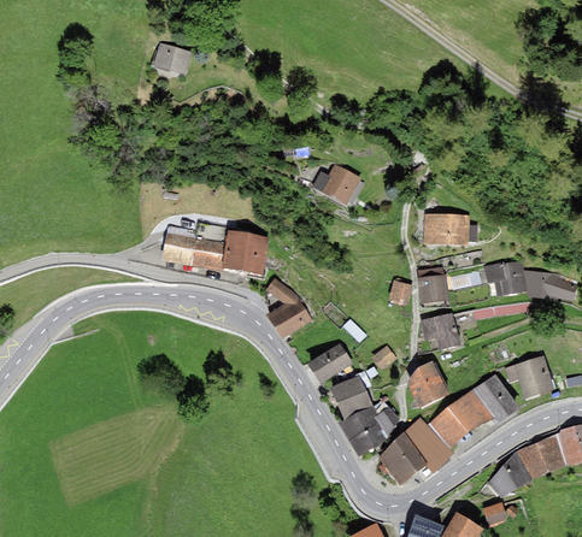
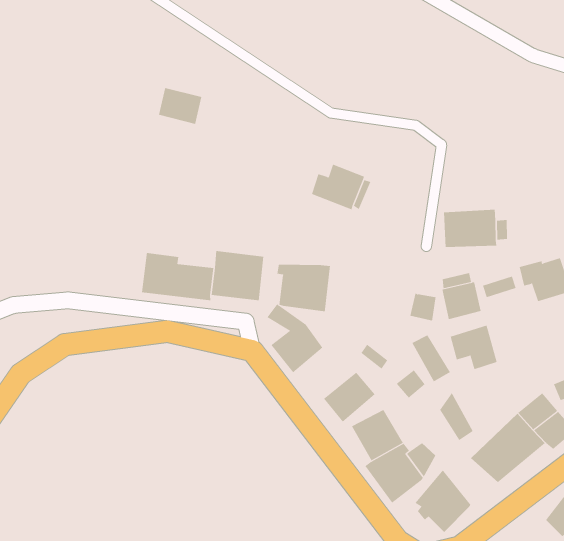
building: [153,41,192,75] -> [158,87,202,124]
building: none -> [277,264,331,312]
building: [418,360,449,401] -> [412,334,451,382]
building: [405,417,454,473] -> none

